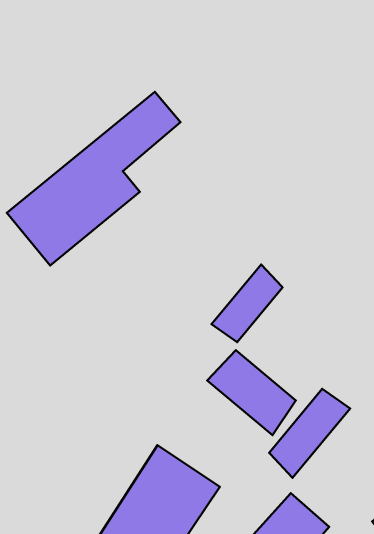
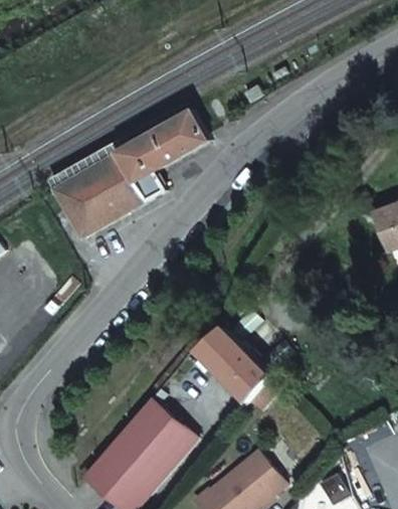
building: [211,264,283,342] -> none
building: [269,389,350,478] -> none

